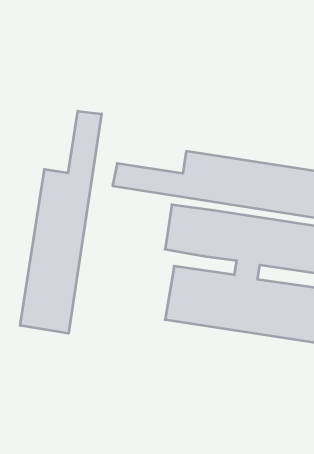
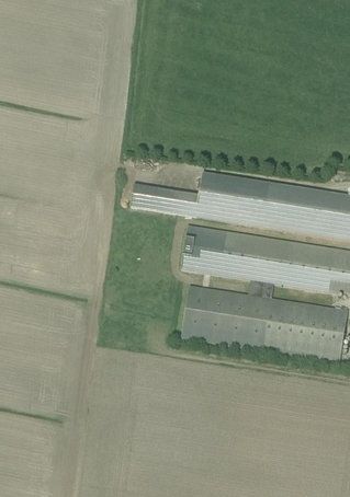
building: [20,111,102,333] -> none

